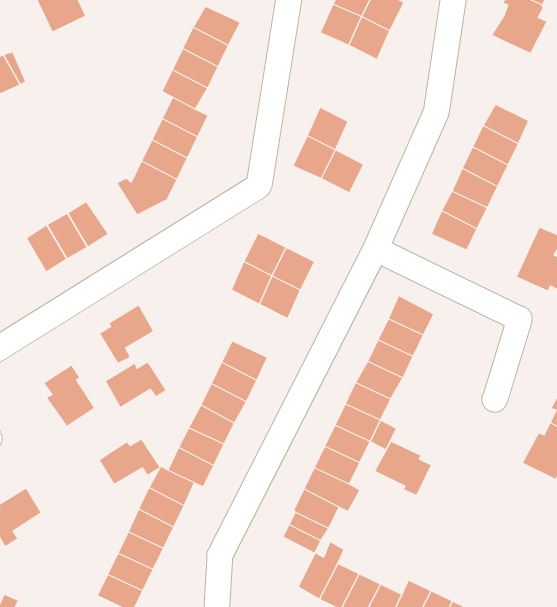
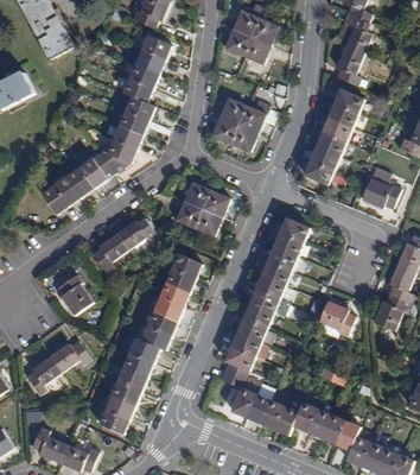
building: none -> [335,46,362,84]
building: none -> [238,96,268,132]
building: none -> [78,153,112,186]
building: [105,362,167,408] -> [116,217,157,248]
building: [99,439,160,485] -> [50,340,90,370]
building: [375,441,431,495] -> [318,300,355,335]

